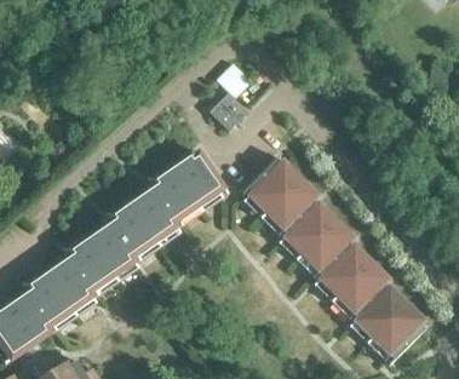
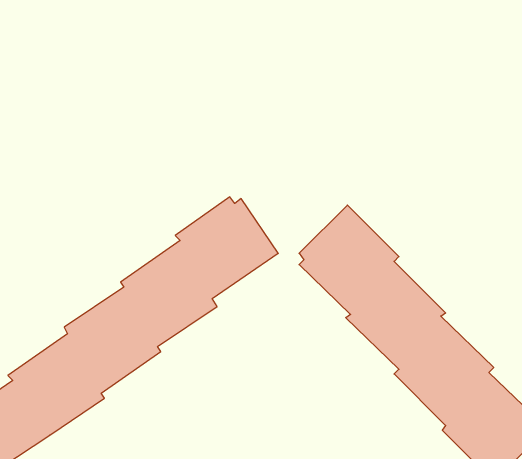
building: [211,92,249,131] -> none

